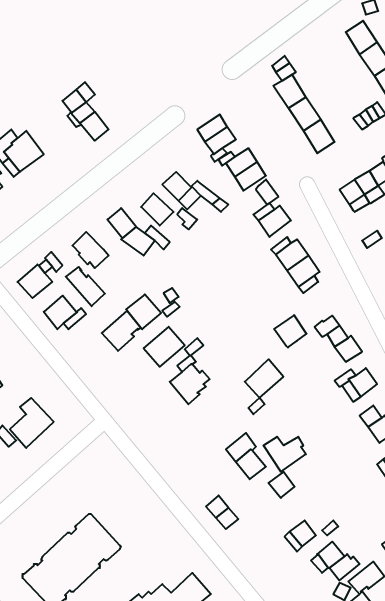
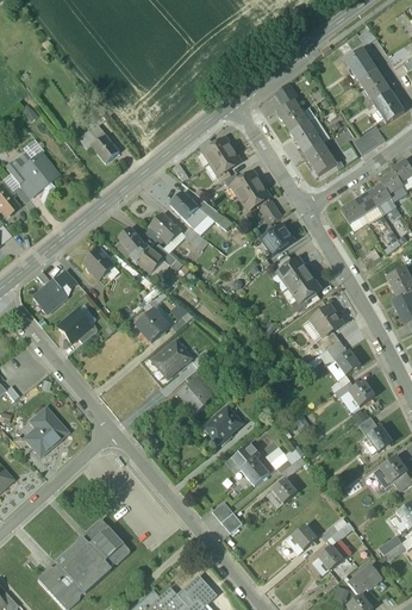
building: [66,267,105,306] -> none
building: [102,311,141,351] -> none
building: [274,315,307,348] -> [311,304,342,335]
building: [245,359,283,398] -> [205,405,242,442]

